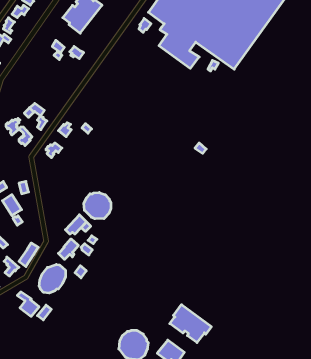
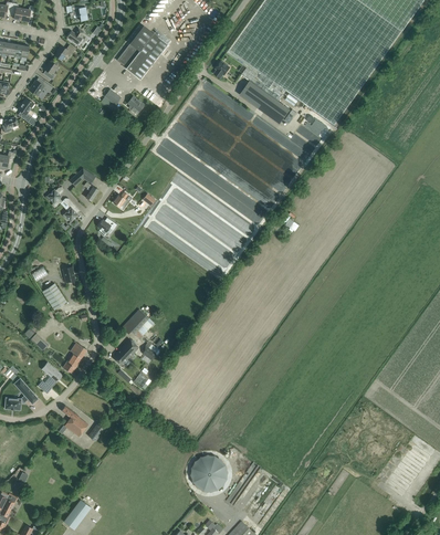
building: [84,192,111,219] -> none
building: [39,264,65,293] -> none
building: [170,305,211,343] -> none

